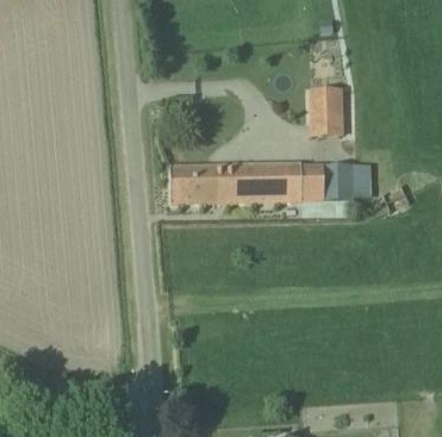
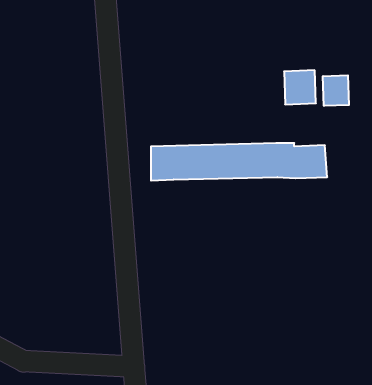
building: none -> [323,75,349,106]

